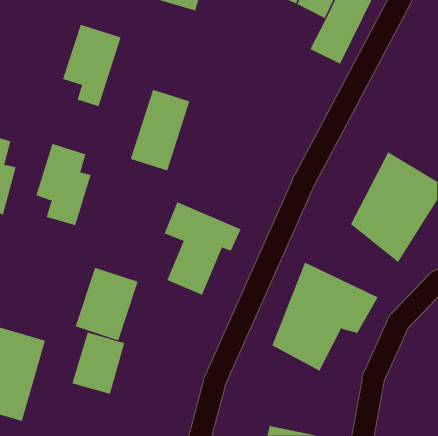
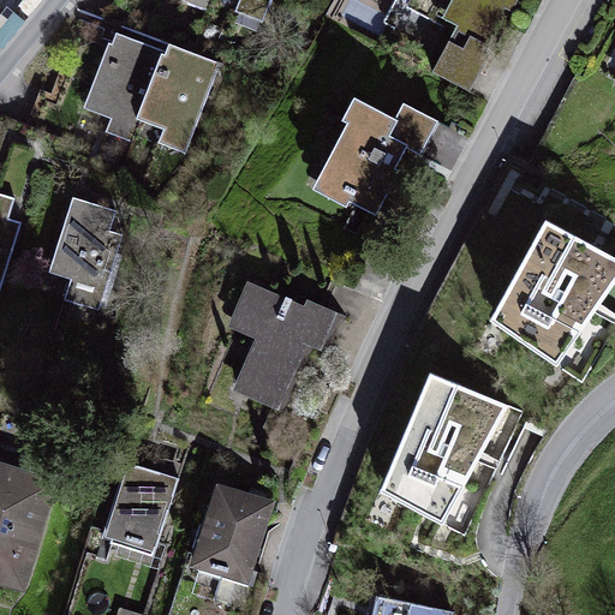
building: none -> [312,91,465,217]
building: [130,89,190,171] -> [138,52,222,166]
building: [75,267,139,341] -> [187,483,276,586]

